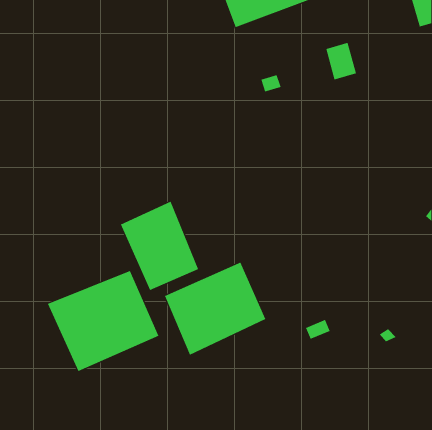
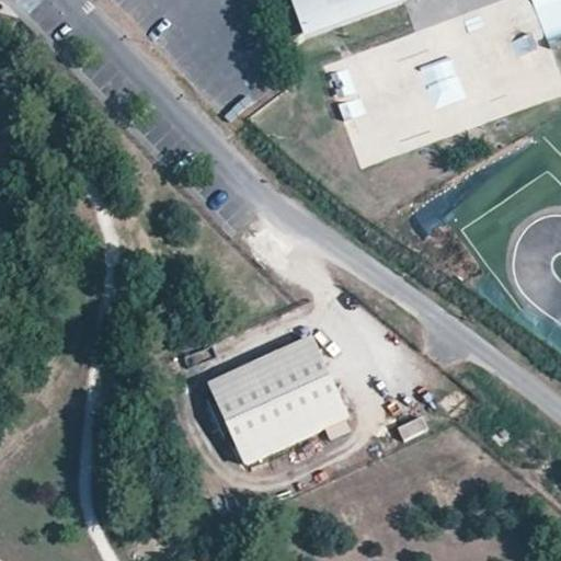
building: [120,201,199,291] -> none
building: [47,270,159,372] -> none

